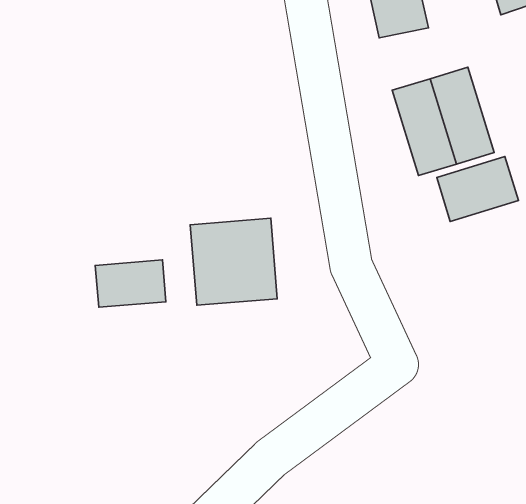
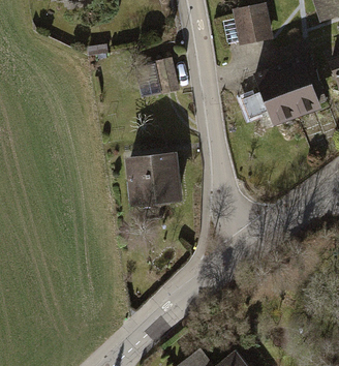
building: [437,157,519,221] -> none
building: [95,260,166,307] -> none

